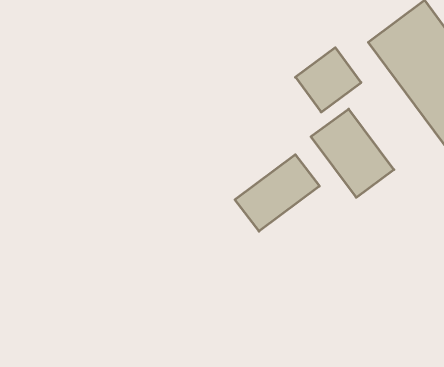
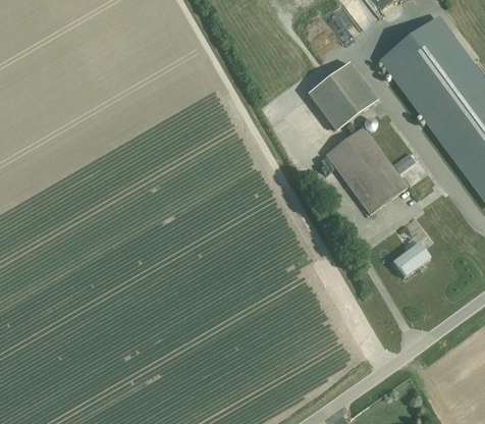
building: [235,155,319,231] -> none
building: none -> [392,242,430,276]

